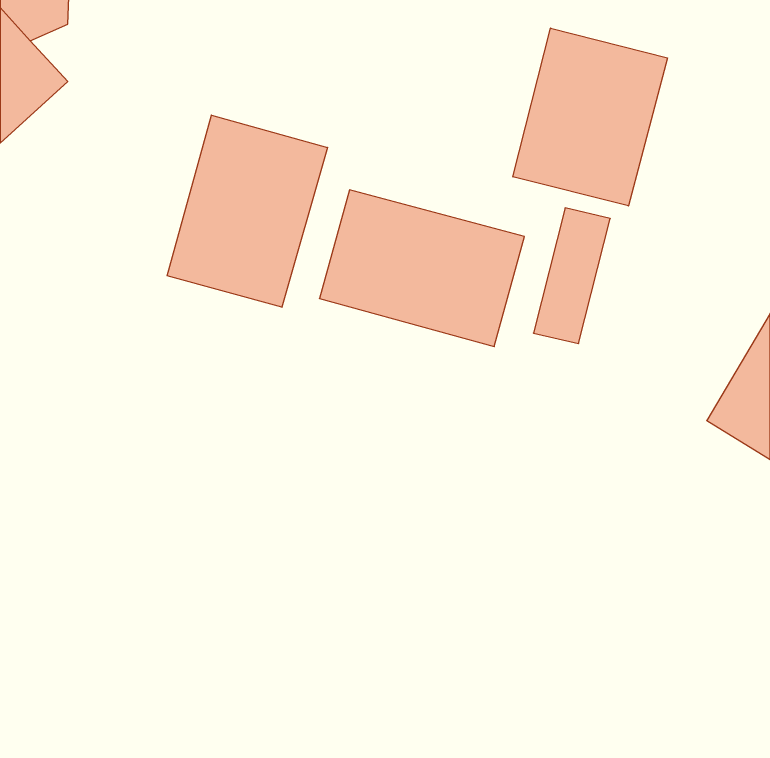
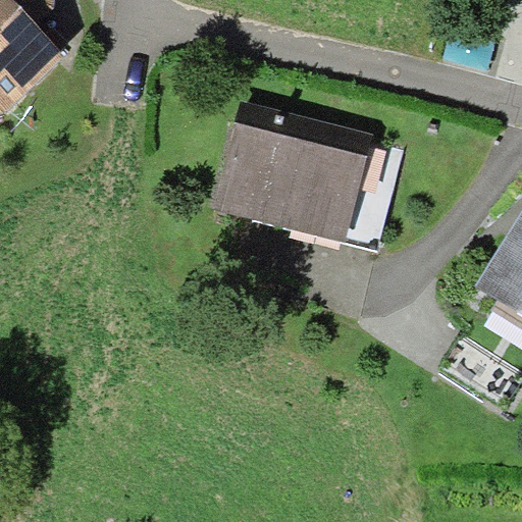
building: [513,28,667,206] -> none
building: [167,115,328,307] -> none

